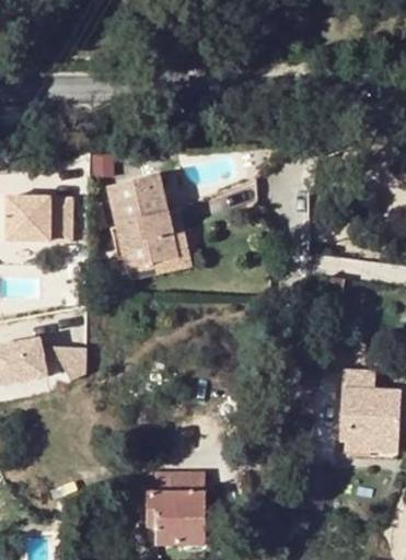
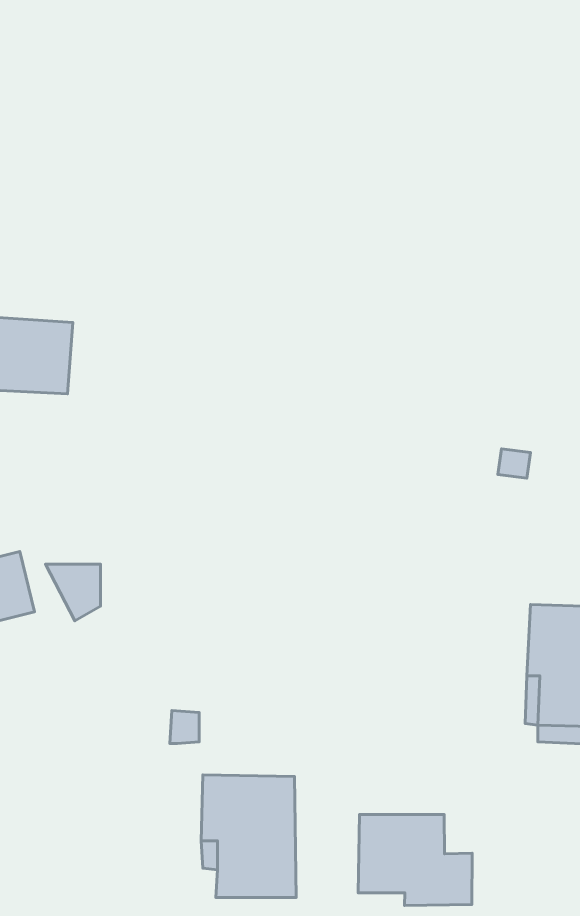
building: [111,174,185,267] -> none
building: none -> [358,815,472,905]

